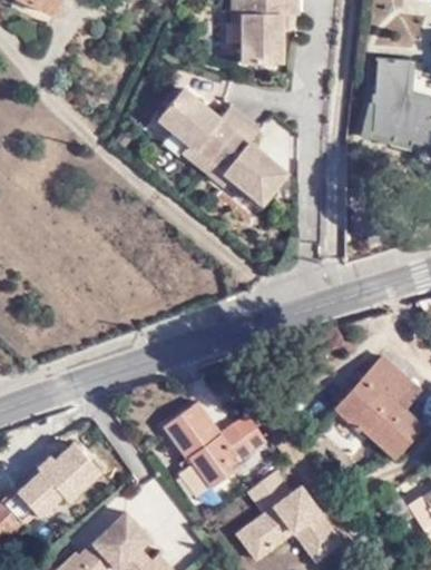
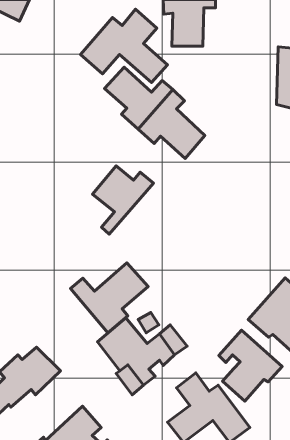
building: none -> [80,9,168,82]
building: none -> [93,166,154,234]
building: none -> [70,263,148,333]
building: none -> [219,330,282,401]

